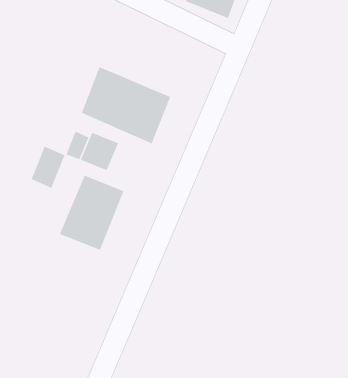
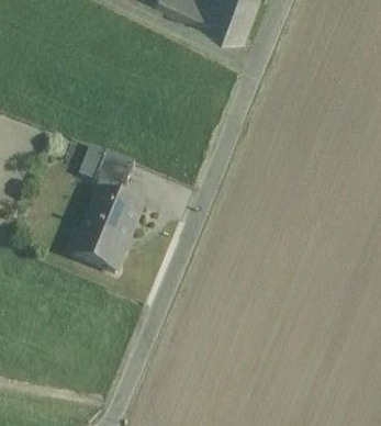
building: [81,66,171,145] -> none
building: [31,145,65,189] -> none

